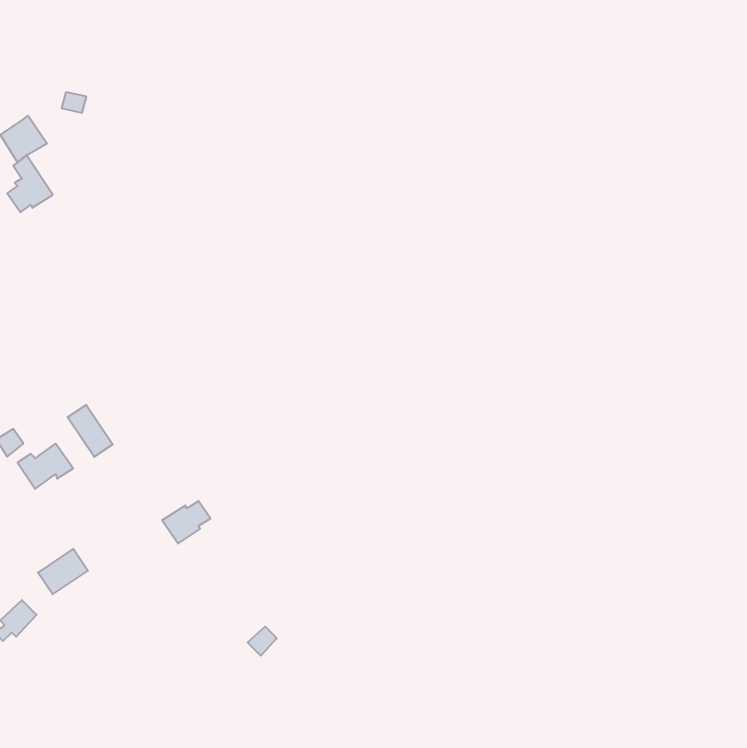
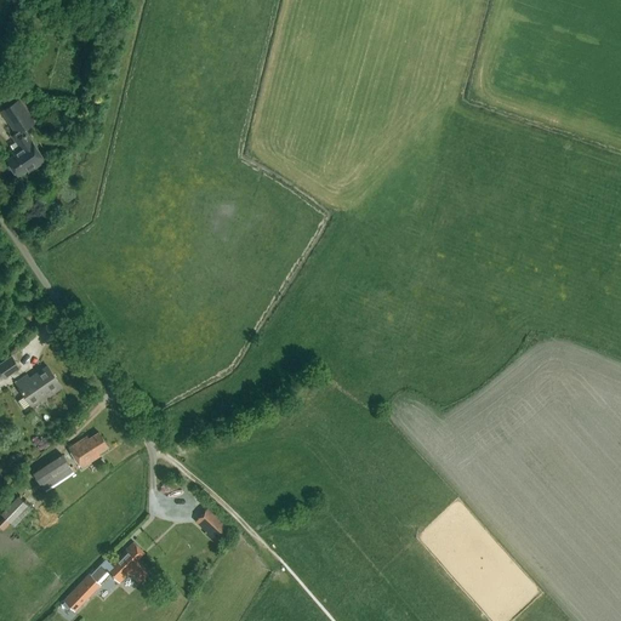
building: [68,405,113,457] -> none
building: [162,501,210,544] -> [67,433,107,468]
building: none -> [62,542,148,610]

